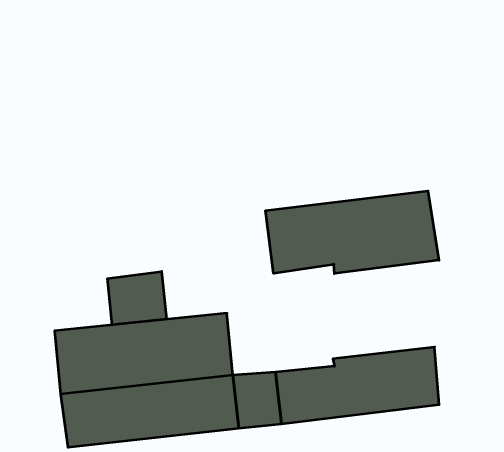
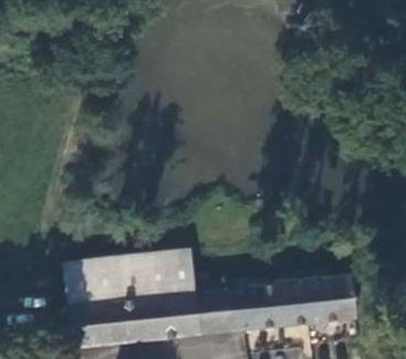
building: [266,191,439,274] -> none
building: [108,271,167,325] -> none

